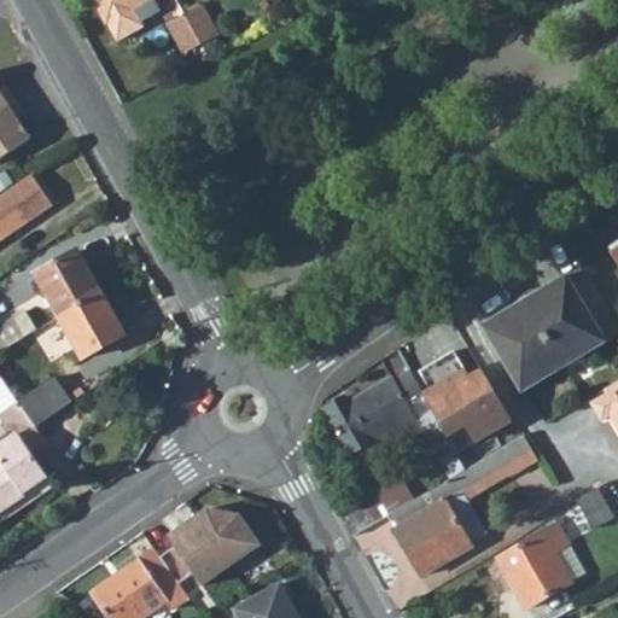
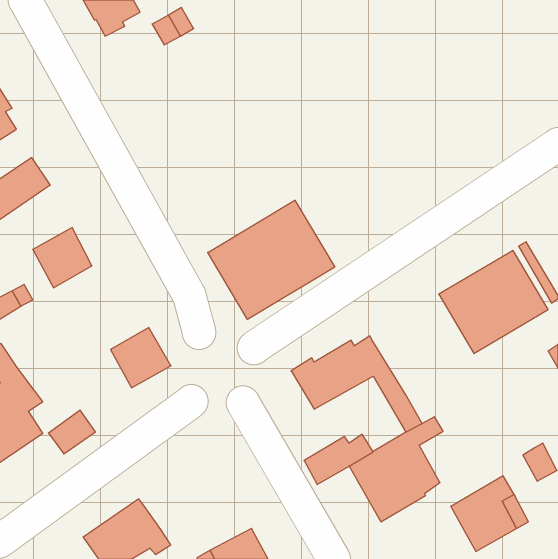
building: none -> [208,200,335,319]
building: [59,293,126,360] -> [111,328,171,388]
building: [410,350,509,443] -> none
building: [18,379,70,427] -> [48,410,95,454]
building: [479,435,535,483] -> none
building: [159,509,260,585] -> none

